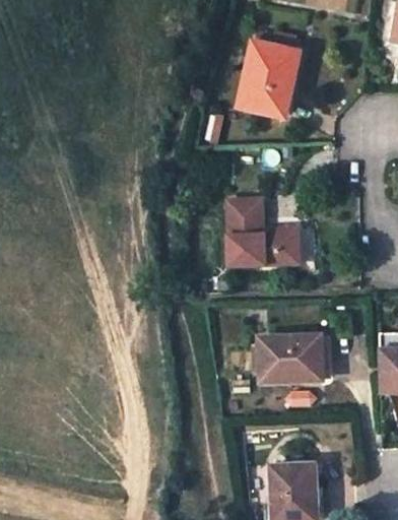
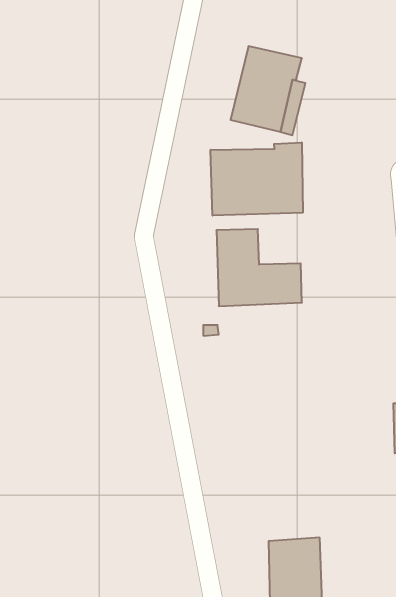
building: none -> [211,142,303,216]
building: [252,334,323,382] -> none

